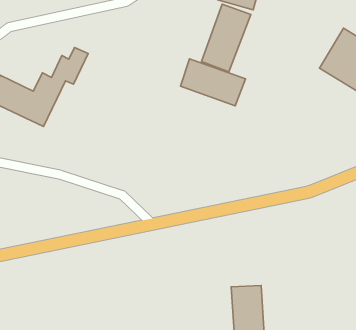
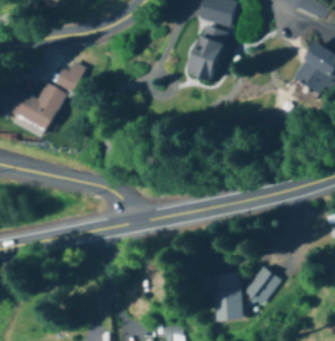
building: [181,59,245,106] -> none
building: none -> [243,265,279,305]

